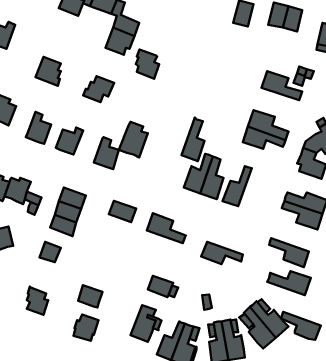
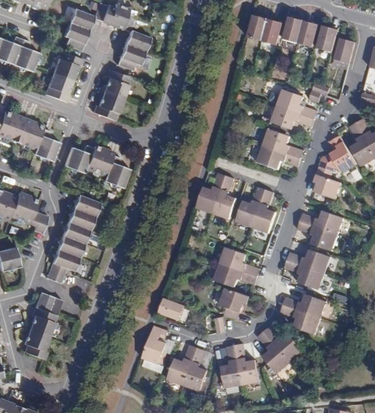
building: none -> [262,18,283,45]
building: none -> [63,22,87,51]
building: none -> [317,25,338,51]
building: none -> [13,39,39,72]
building: none -> [51,52,81,79]
building: [136,50,159,79] -> [105,69,129,99]
building: none -> [271,104,315,127]
building: none -> [15,122,44,150]
building: [181,117,205,161] -> [252,187,276,232]
building: [119,122,148,158] -> [82,144,112,181]
building: [109,201,136,222] -> [72,193,100,215]
building: [147,213,186,243] -> [220,245,260,276]
building: none -> [53,248,81,271]
building: none -> [286,248,332,273]
building: none -> [221,287,250,319]
building: [78,285,102,308] -> [38,294,63,317]
building: [281,312,321,340] -> [280,304,321,333]
building: [73,315,99,341] -> [25,332,51,359]

